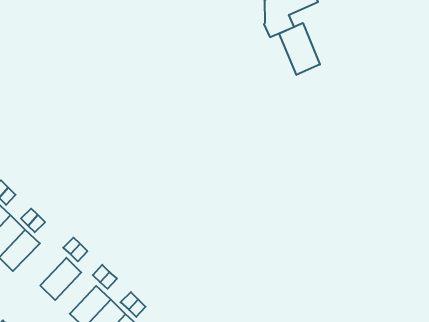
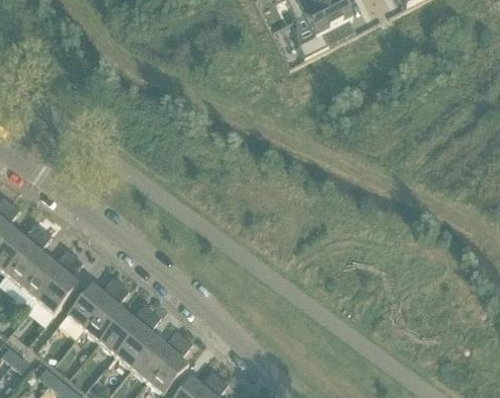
building: [279,23,320,75] -> none
building: none -> [66,282,107,325]
building: none -> [98,309,140,352]

